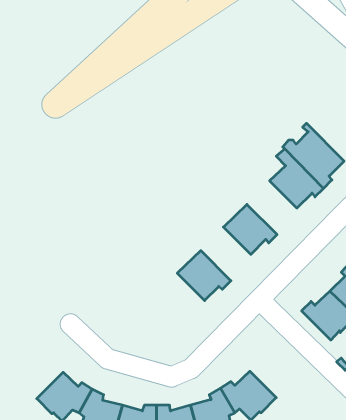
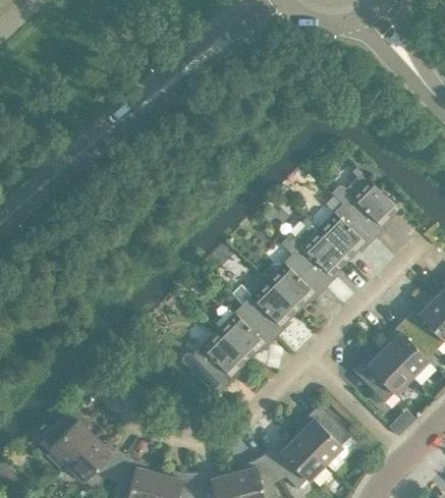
building: none -> [281,219,347,288]
building: none -> [243,280,297,338]
building: none -> [181,330,247,397]
building: none -> [296,405,349,464]
building: none -> [41,406,95,465]

